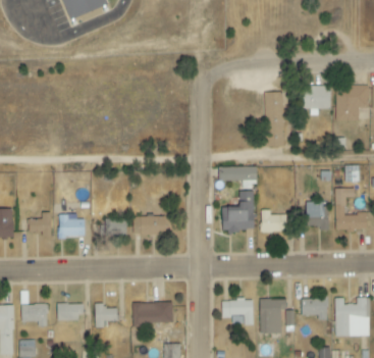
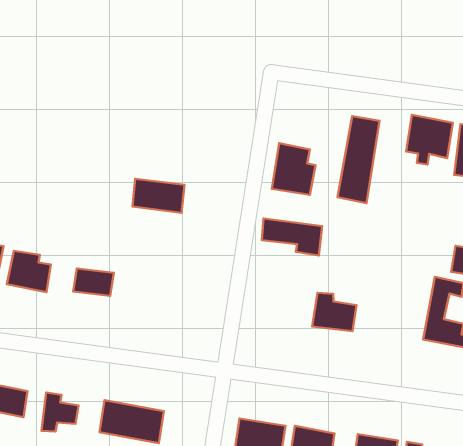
building: none -> [272,143,316,195]
building: [221,192,255,232] -> none
building: [306,200,330,229] -> none
building: [132,216,166,236] -> [132,179,185,213]

